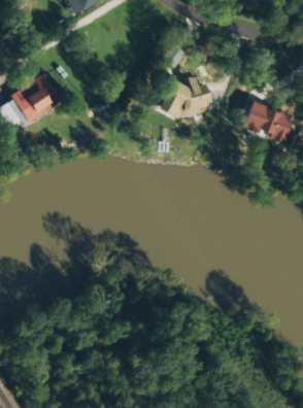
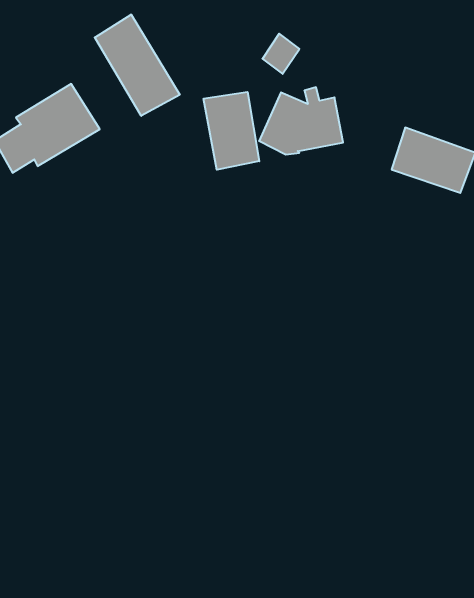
building: none -> [95,14,180,116]
building: none -> [204,92,259,170]

